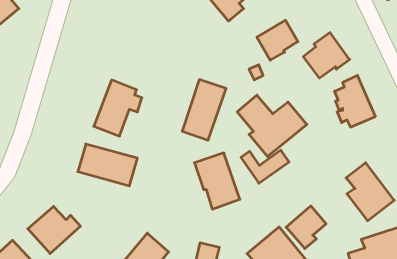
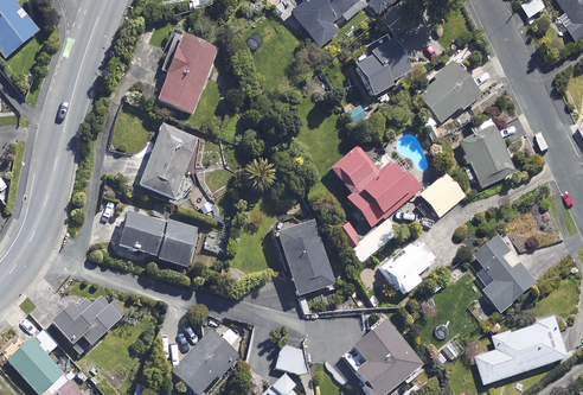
building: [182,80,226,140] -> [158,33,216,114]
building: none -> [418,172,463,217]
building: [286,206,326,249] -> [380,238,434,295]

